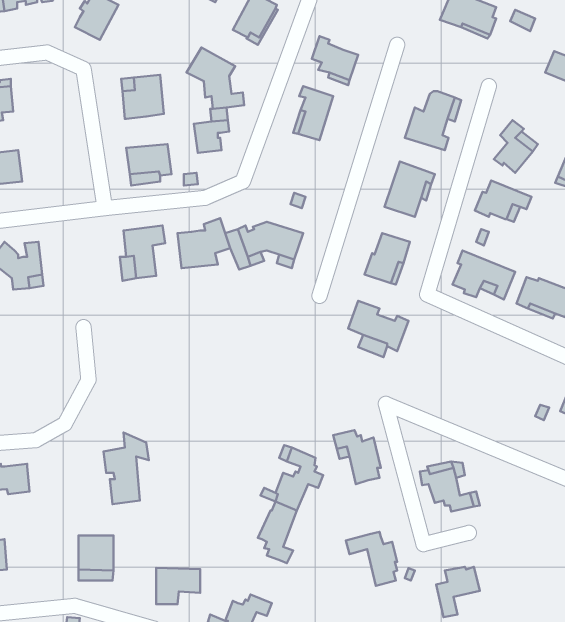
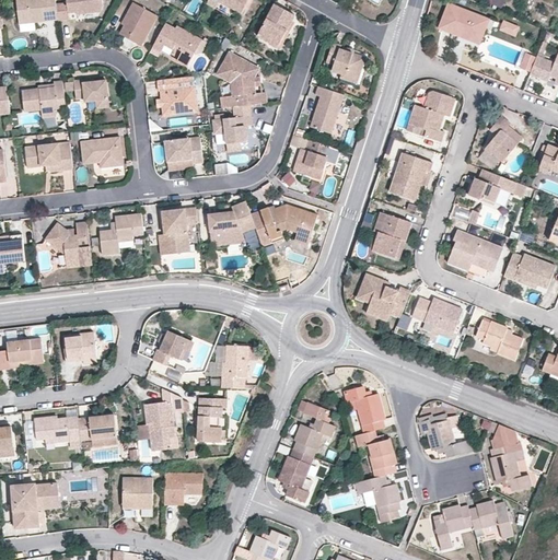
building: none -> [149,24,201,67]
building: none -> [73,80,108,109]
building: none -> [290,135,330,179]
building: none -> [80,138,123,165]
building: none -> [98,213,143,255]
building: none -> [410,298,463,332]
building: none -> [475,319,522,360]
building: none -> [151,330,190,365]
building: none -> [61,331,96,362]
building: none -> [220,346,246,389]
building: none -> [197,397,225,442]
building: none -> [77,413,116,441]
building: none -> [490,423,531,491]
building: none -> [354,430,396,477]
building: none -> [467,500,513,538]
building: [156,568,200,604] -> [164,472,202,504]

